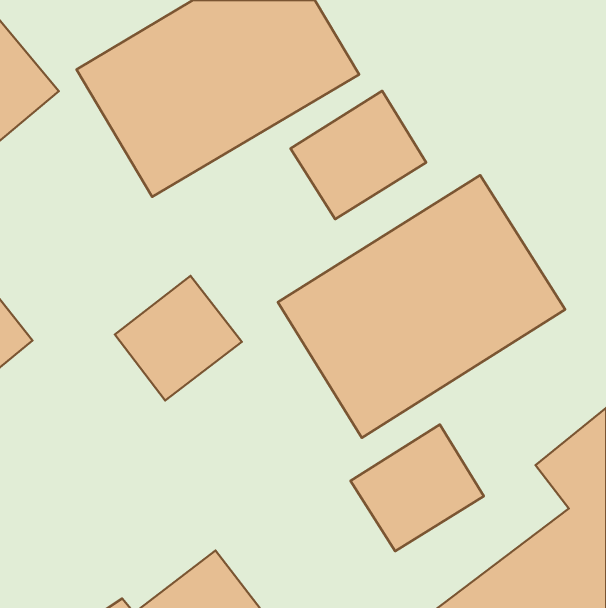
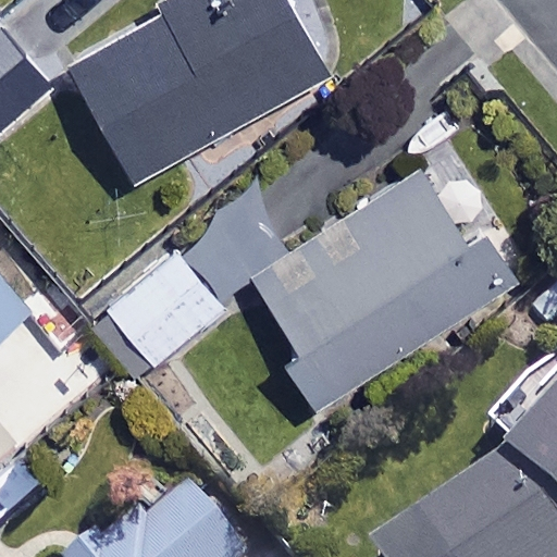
building: [291,91,426,219] -> none
building: [351,425,484,551] -> none

